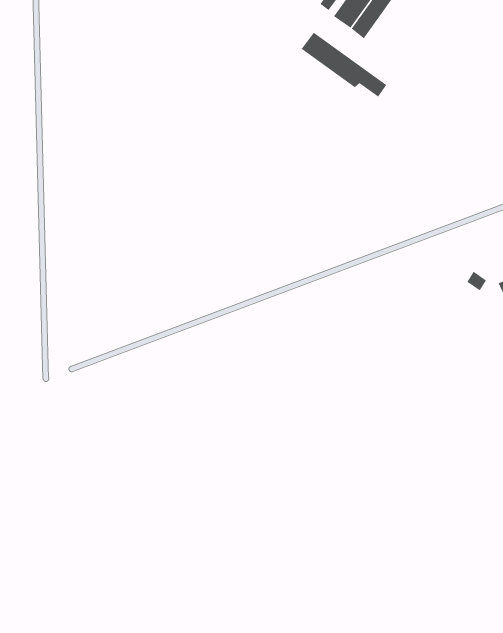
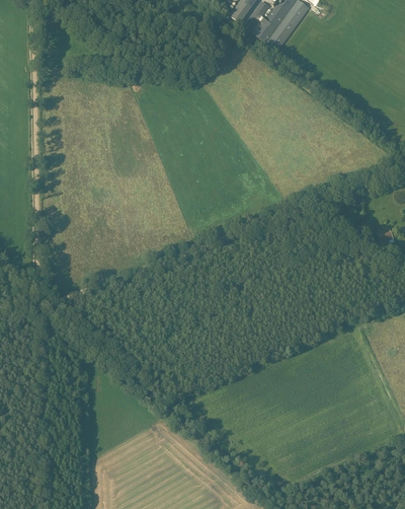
building: [301,32,387,98] -> none

